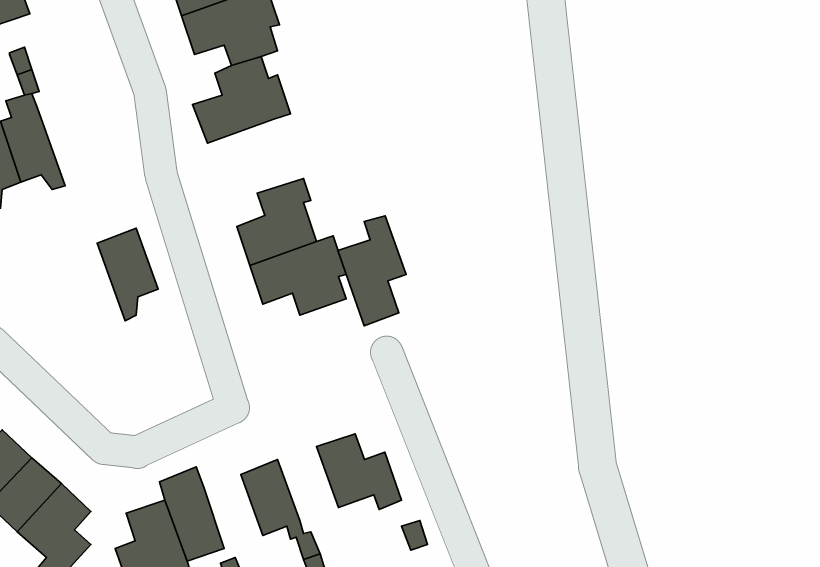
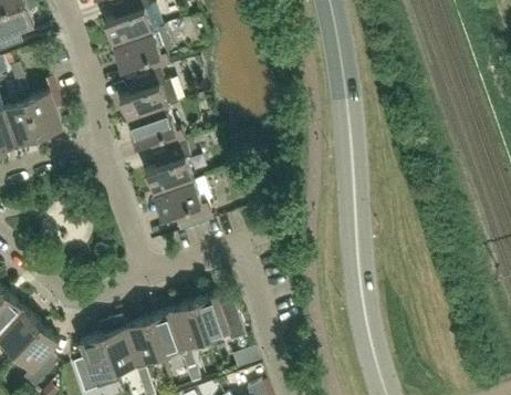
building: none -> [127,106,185,150]
building: [338,216,406,326] -> none
building: [97,228,158,321] -> [25,91,62,146]
building: none -> [169,302,206,346]
building: none -> [125,319,160,363]

